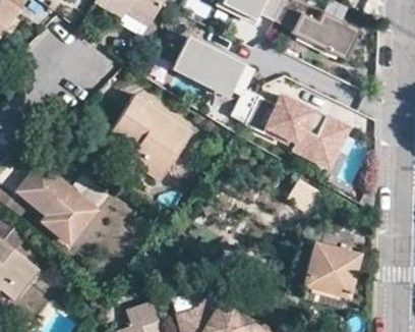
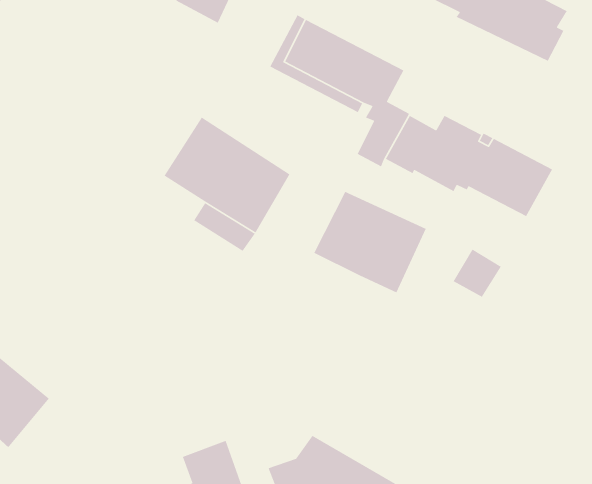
building: none -> [313,191,427,293]
building: [17,163,108,244] -> none
building: [302,243,357,297] -> none

